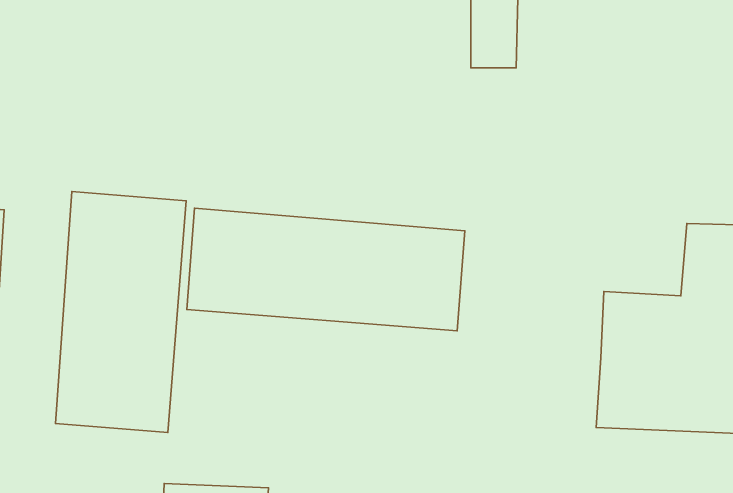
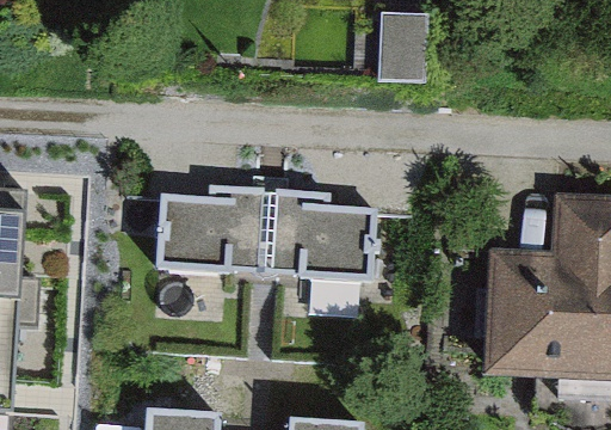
building: [56,191,186,433] -> none

